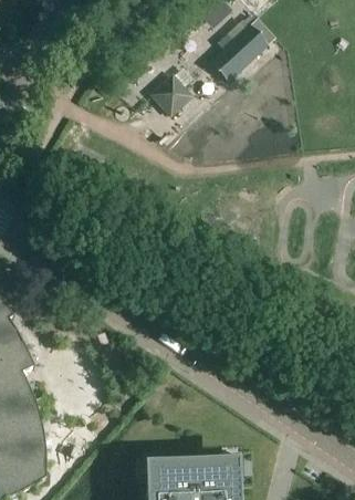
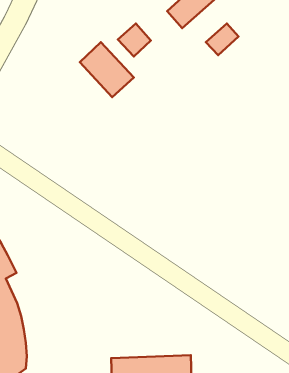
building: none -> [206,23,238,55]
building: none -> [80,42,134,97]

